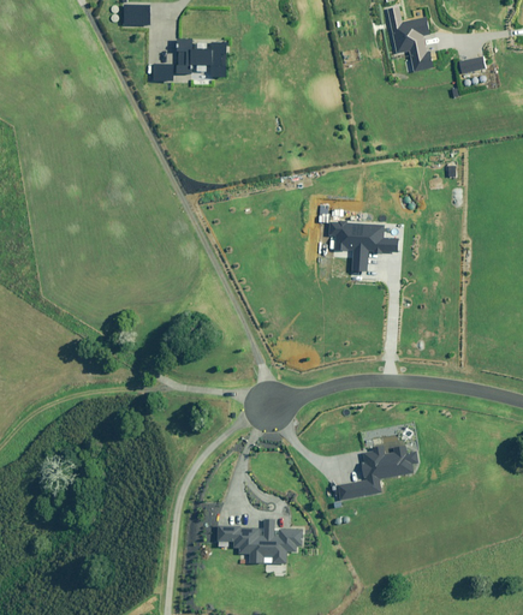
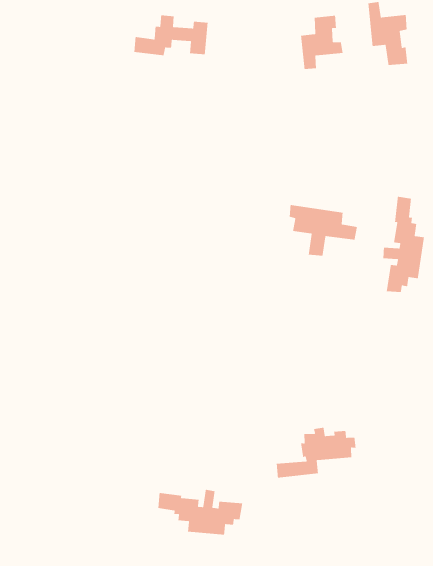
building: none -> [300,15,343,70]
building: none -> [382,196,425,293]

